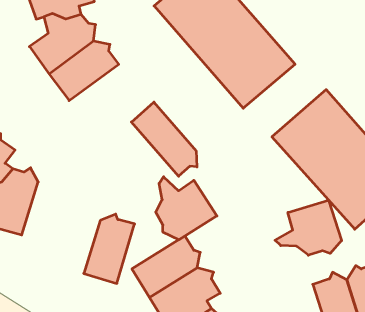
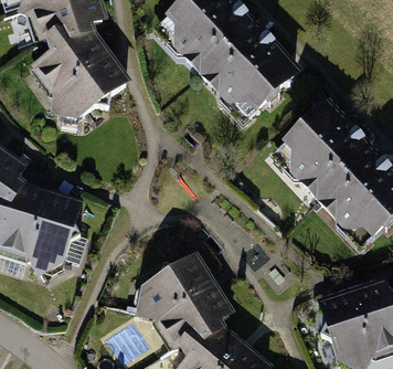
building: [131,102,197,176] -> none
building: [156,177,217,240] -> none
building: [275,200,342,255] -> none
building: [84,214,135,283] -> [26,193,77,263]

